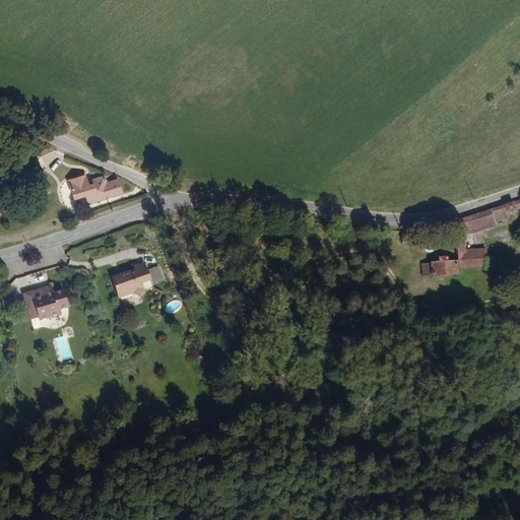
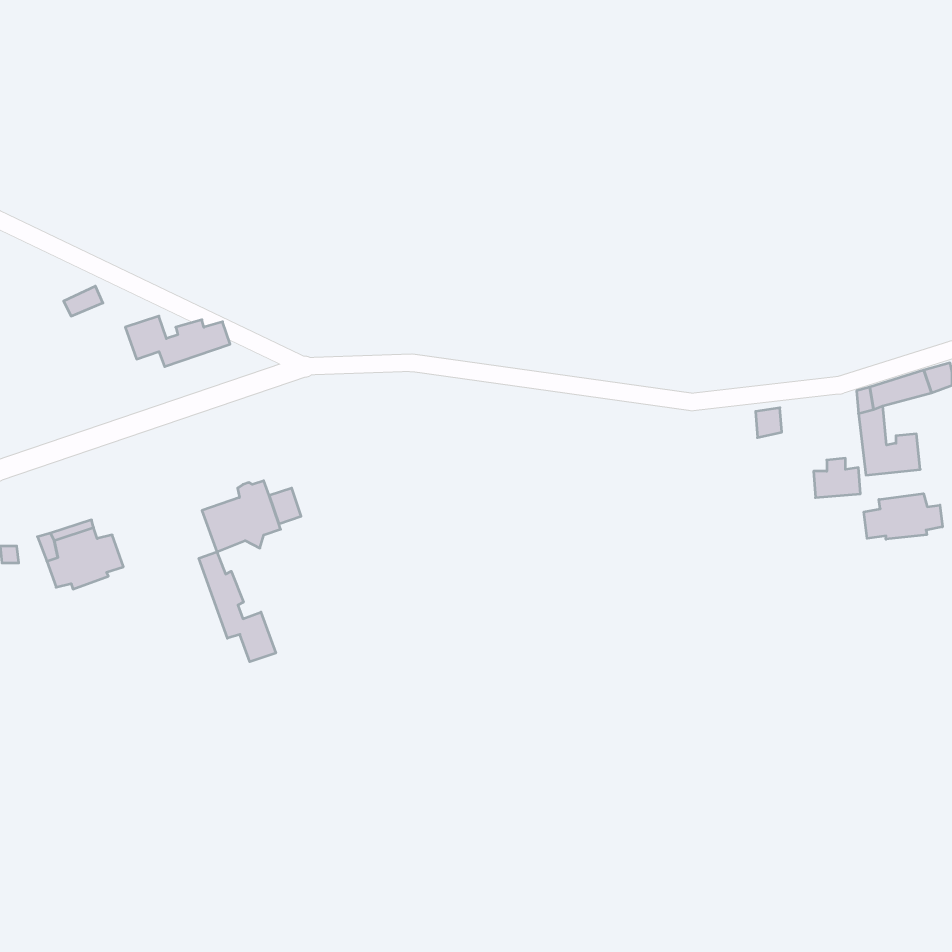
building: none -> [864,494,942,539]
building: none -> [199,552,276,662]

